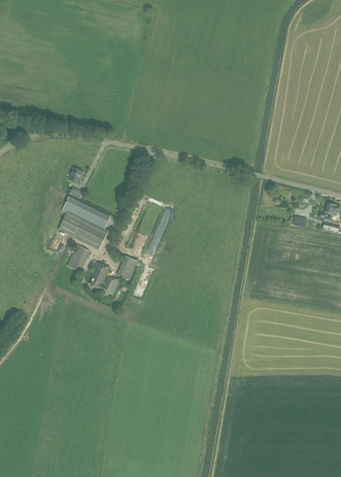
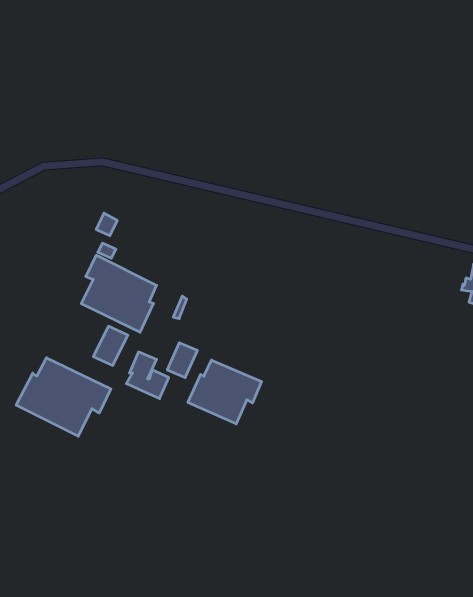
building: none -> [16,358,111,436]
building: none -> [188,360,262,424]

